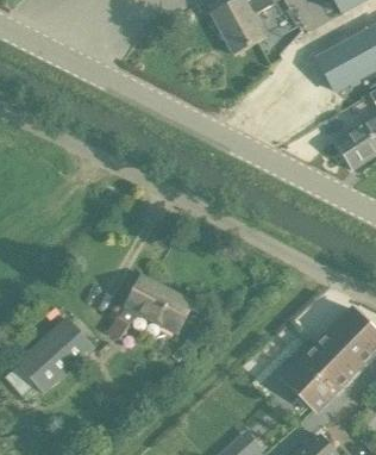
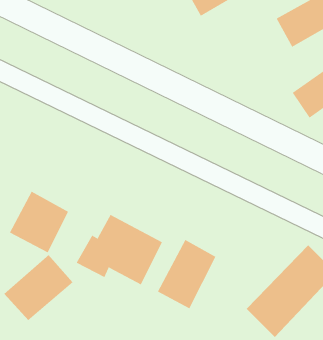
building: none -> [9,191,69,253]
building: none -> [157,239,216,309]

